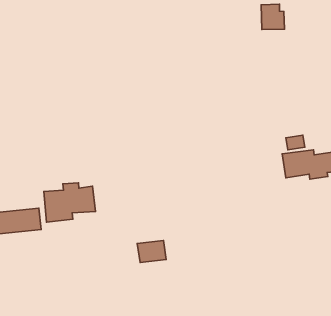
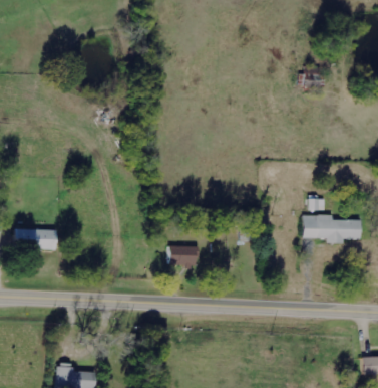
building: [44,183,95,222] -> none
building: [137,240,166,263] -> [168,245,195,265]

